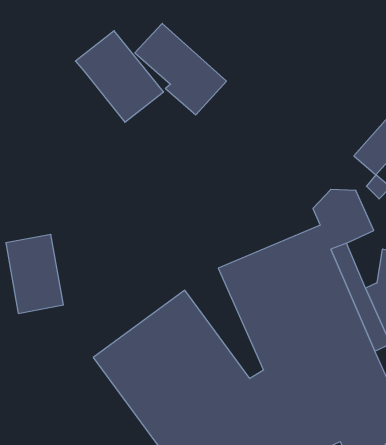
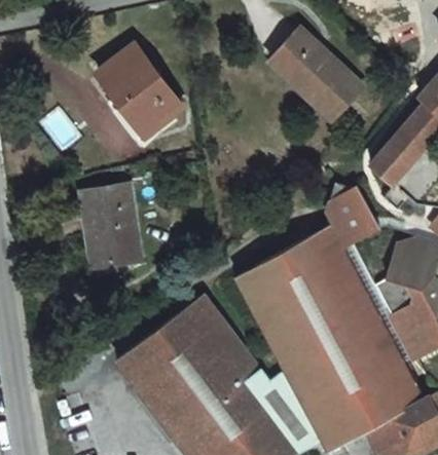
building: [135,23,226,115] -> [272,23,362,112]
building: [6,235,63,313] -> [82,186,139,263]

